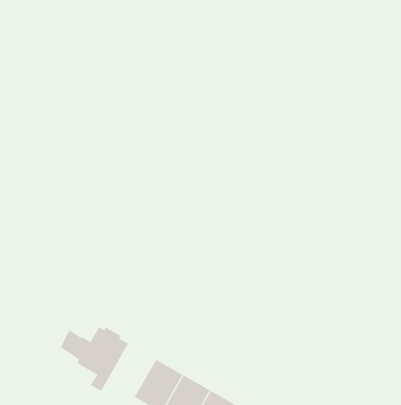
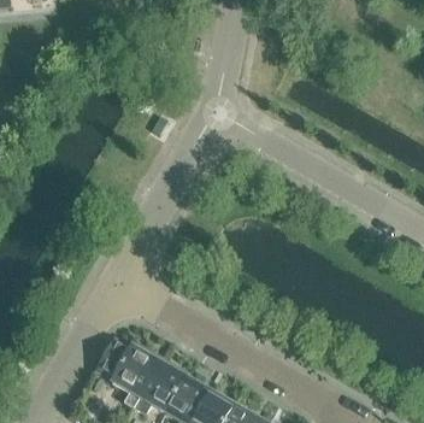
building: none -> [132,363,183,413]

